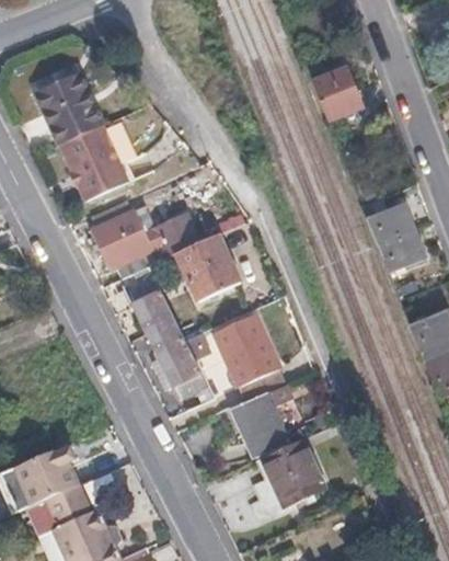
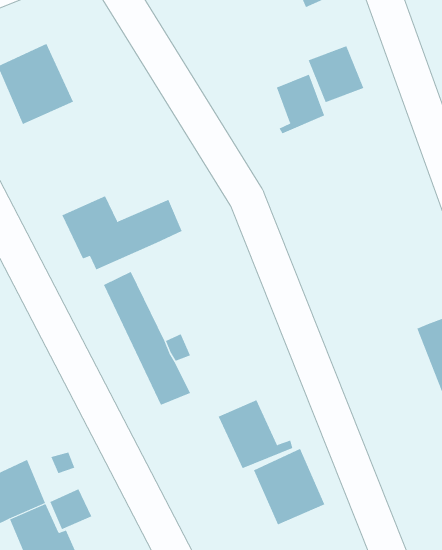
building: none -> [276,74,325,134]
building: [59,124,127,199] -> none
building: [368,209,422,275] -> none
building: [177,231,240,297] -> none
building: [214,314,278,387] -> none

